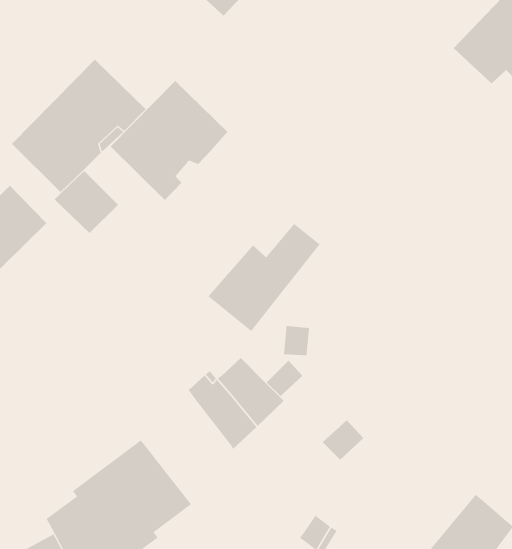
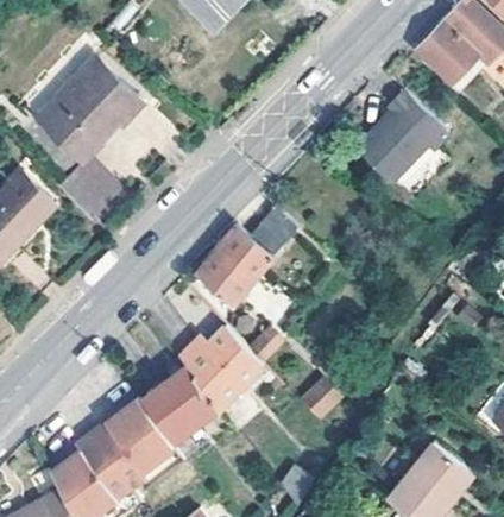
building: [110,80,228,201] -> none
building: none -> [357,88,447,179]
building: none -> [147,362,219,436]

